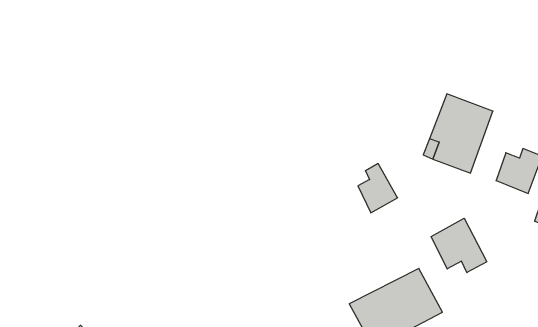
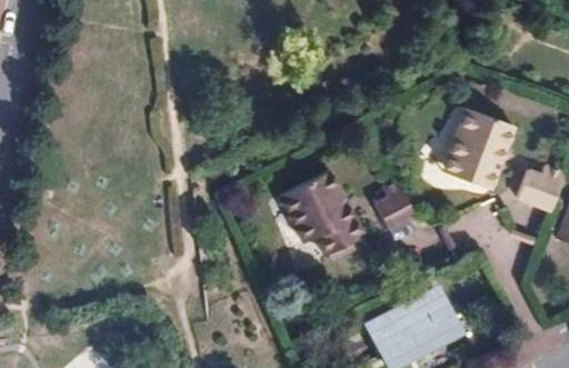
building: none -> [279,170,365,256]
building: [431,218,487,273] -> none

